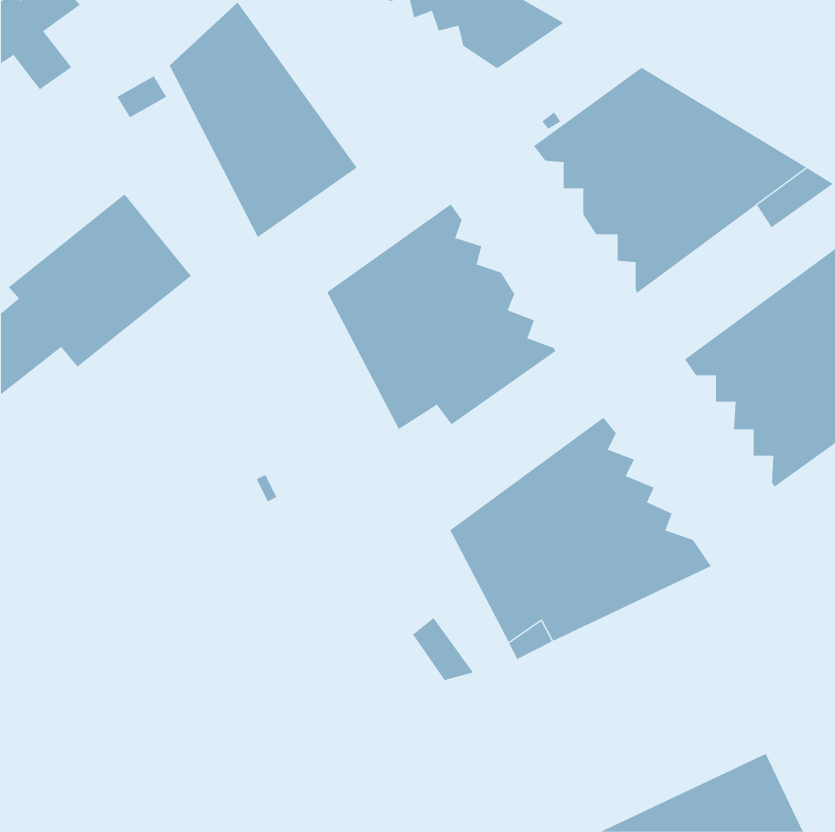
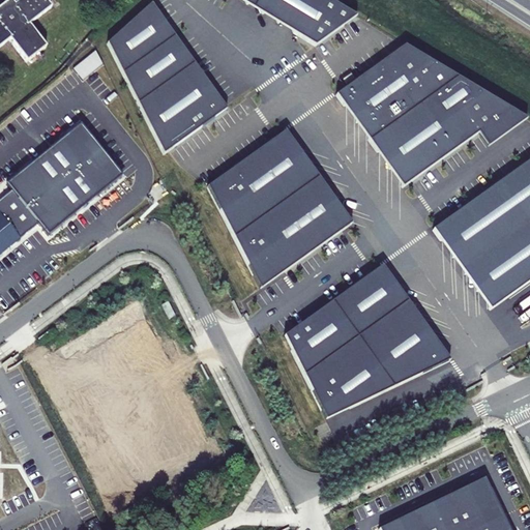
building: none -> [254,256,287,288]
building: [412,617,474,681] -> none

